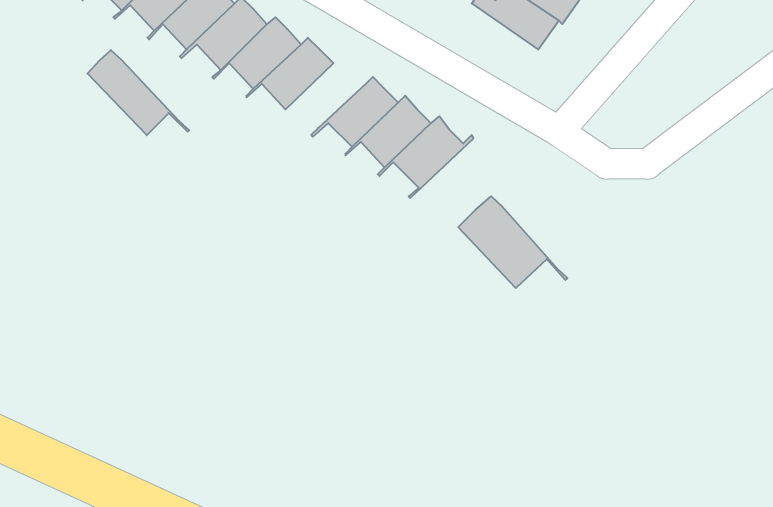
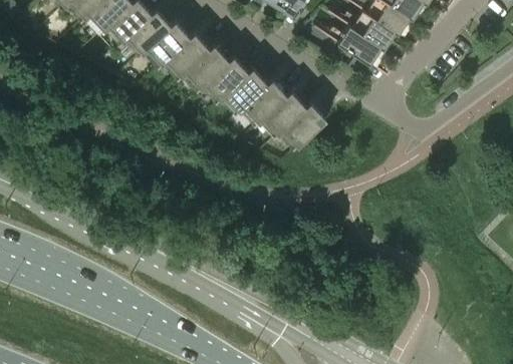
building: [87,50,189,135] -> none
building: none -> [215,68,266,110]
building: [458,196,567,288] -> none

